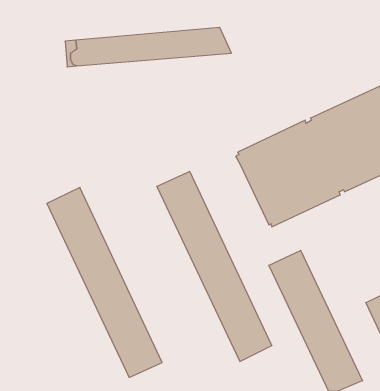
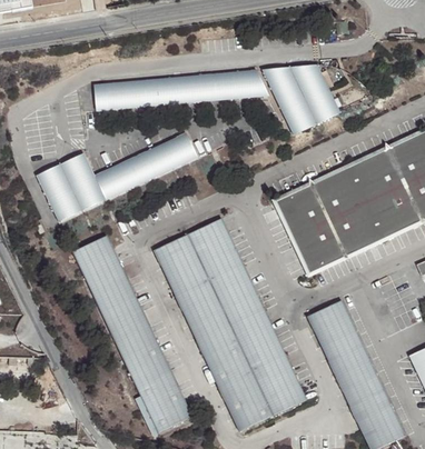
building: none -> [259,63,337,134]
building: none -> [37,132,199,221]
building: none -> [155,233,275,432]

